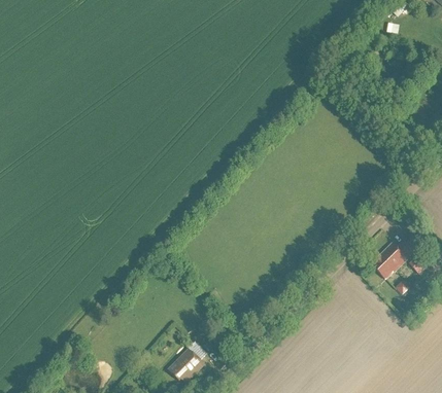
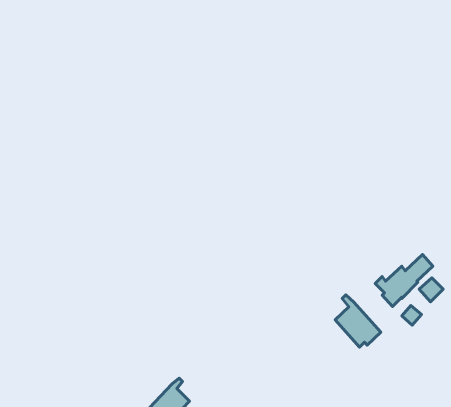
building: none -> [335,295,381,347]

